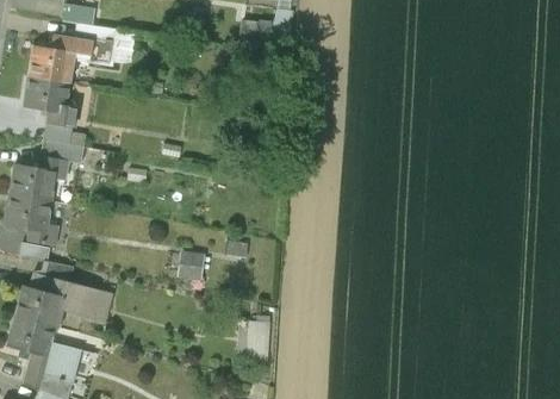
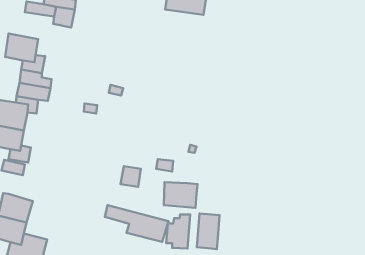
building: [29,44,74,82] -> none
building: none -> [164,182,197,208]
building: [29,273,113,322] -> [105,205,168,242]
building: none -> [197,213,220,249]

